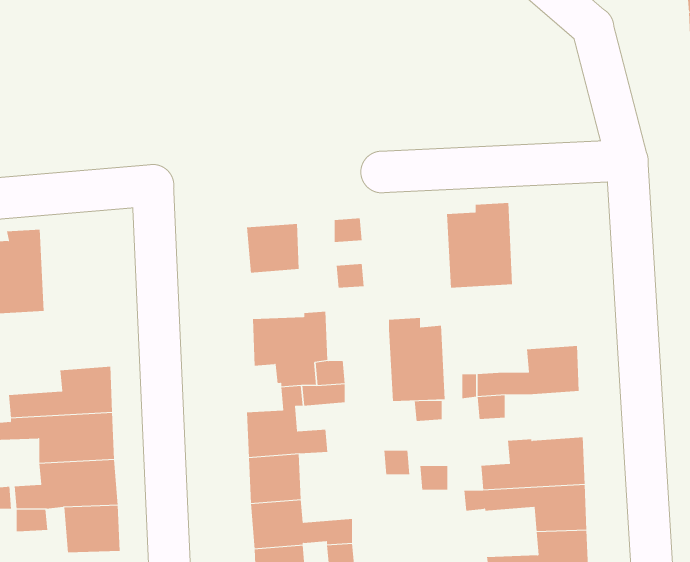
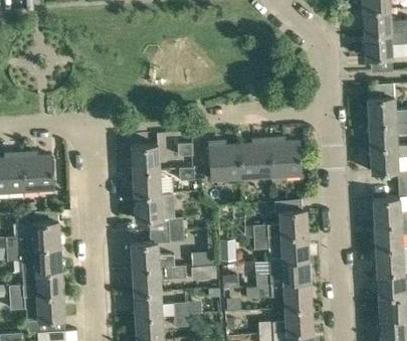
building: none -> [270,135,300,179]
building: none -> [23,149,54,193]
building: none -> [134,171,162,197]
building: [388,318,445,401] -> [209,138,239,182]
building: none -> [280,235,310,262]

